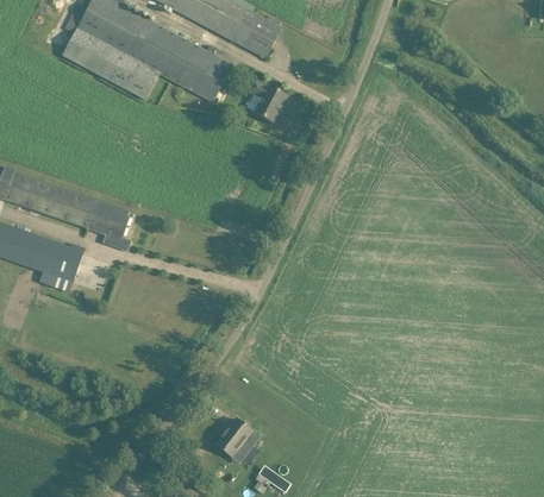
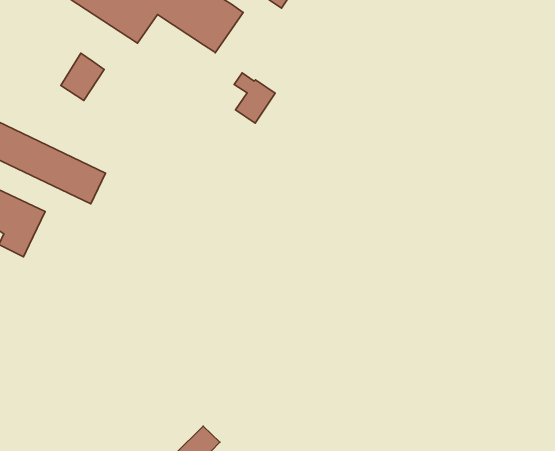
building: [251,81,287,122] -> [234,73,275,123]
building: none -> [61,53,104,101]

